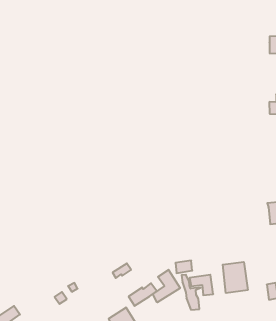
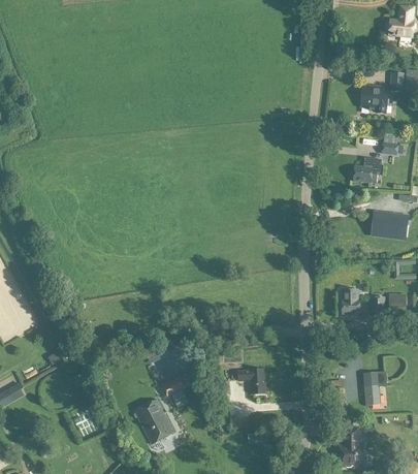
building: [223,262,248,293] -> none
building: [153,270,180,302] -> none

